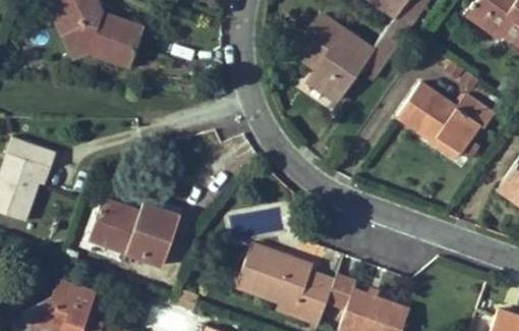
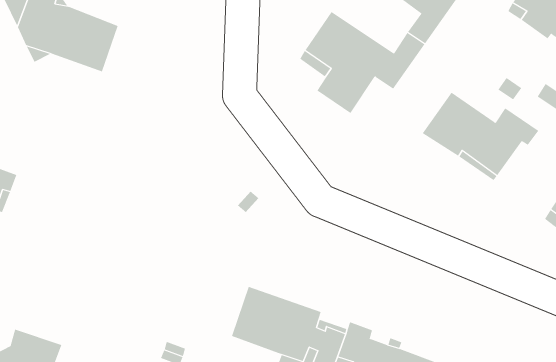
building: [89,200,181,266] -> none

